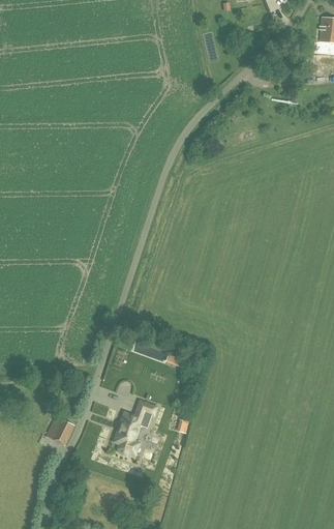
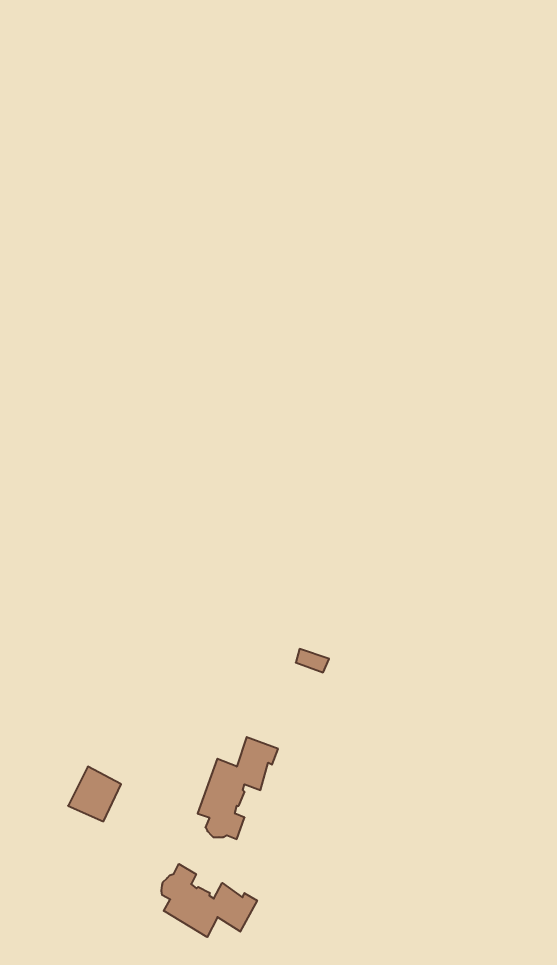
building: none -> [162,864,257,937]

